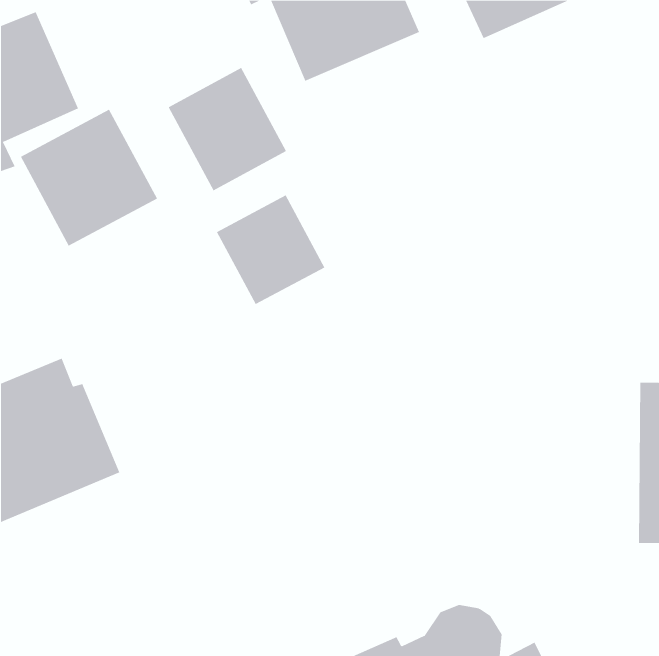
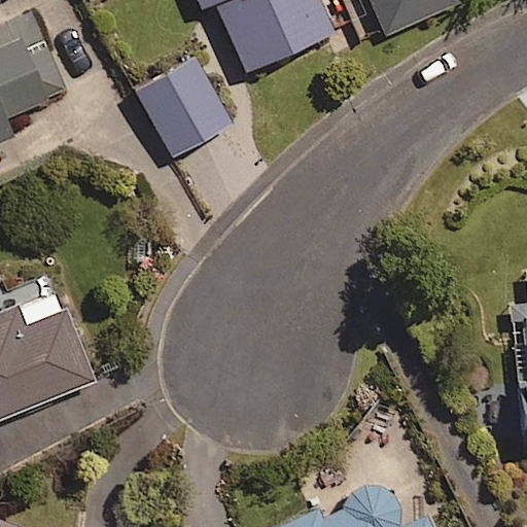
building: [20,109,158,246] -> none
building: [216,195,325,305] -> none

